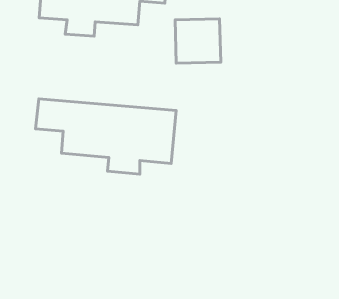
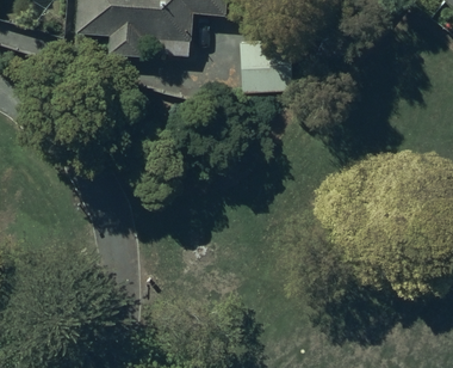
building: [36,99,176,174] -> none

